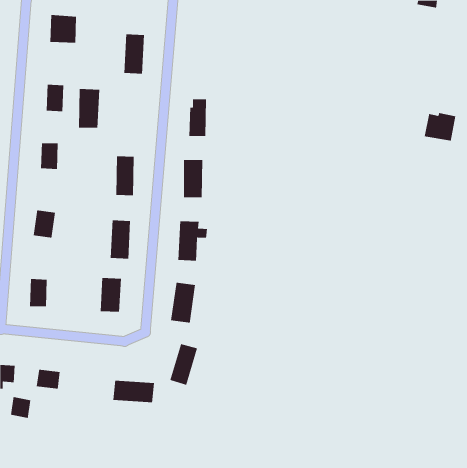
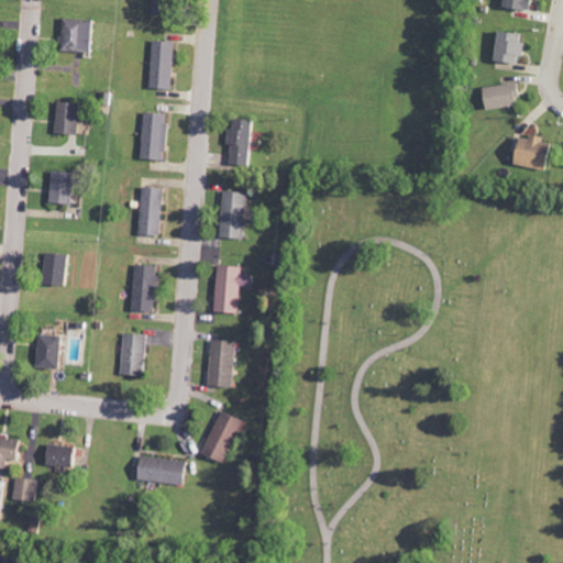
building: none -> [492,30,521,64]
building: none -> [481,84,517,109]
building: [78,89,100,128] -> [141,112,167,159]

